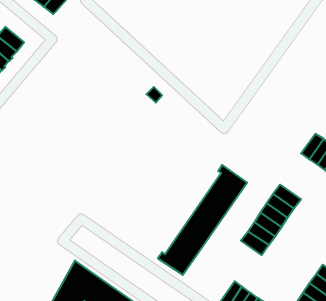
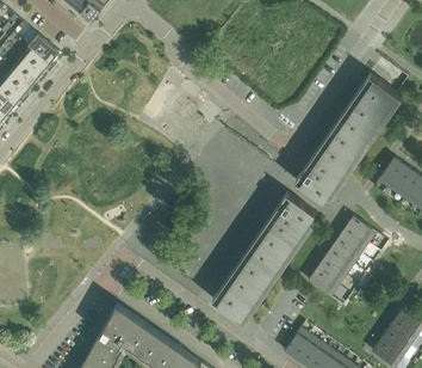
building: none -> [294,75,398,202]

